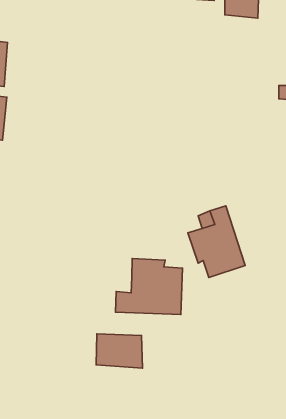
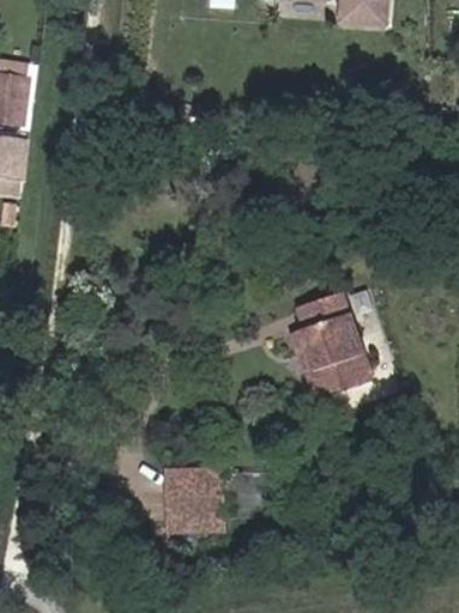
building: [116,259,182,314] -> none

